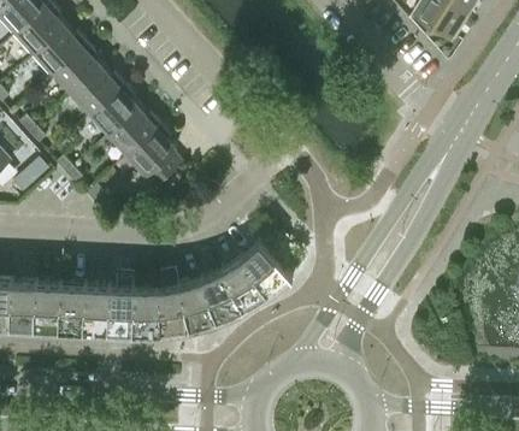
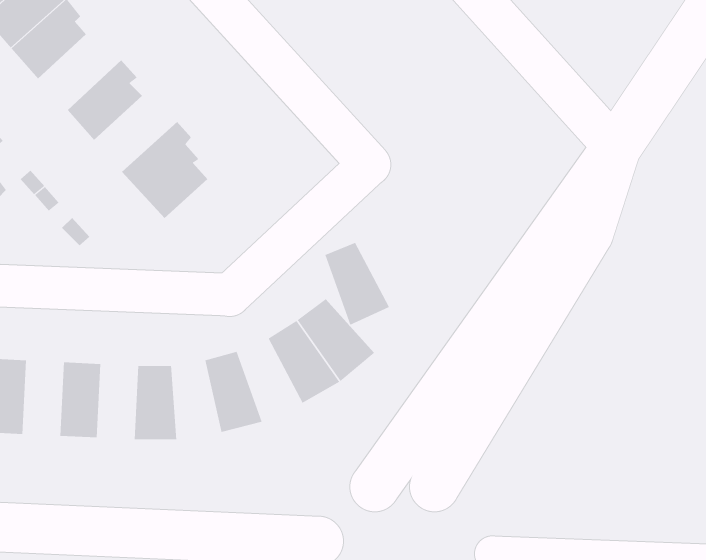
building: [67,64,123,114] -> none
building: [105,105,160,155] -> none
building: [200,266,243,321] -> [325,242,390,325]
building: [58,281,84,331] -> none
building: [157,281,189,333] -> none
building: [107,283,134,333] -> none

